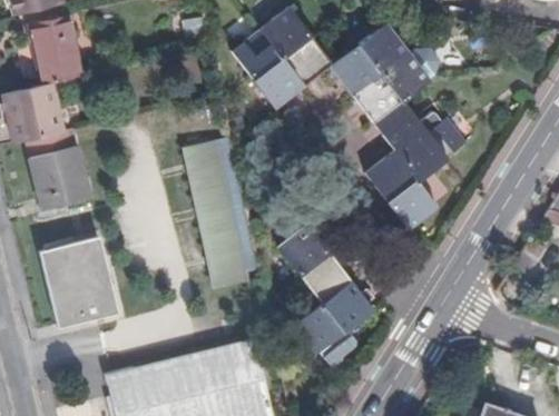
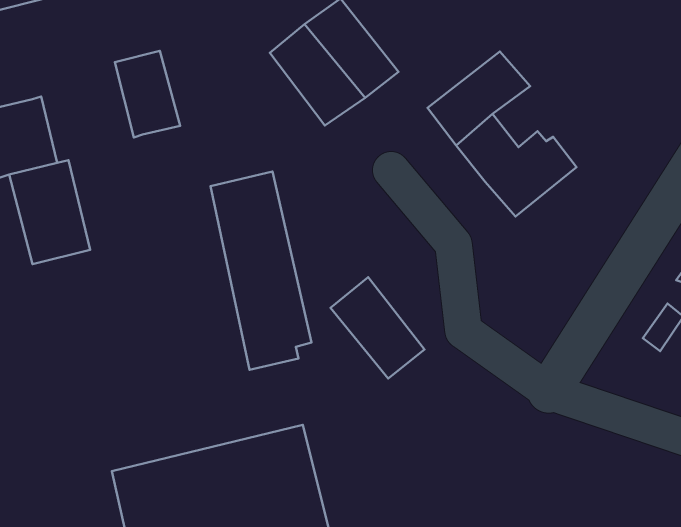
building: [31,17,81,83] -> [115,51,180,138]
building: [327,18,405,90] -> none
building: [366,147,441,226] -> none
building: [42,238,120,329] -> none
building: [294,276,372,360] -> none

